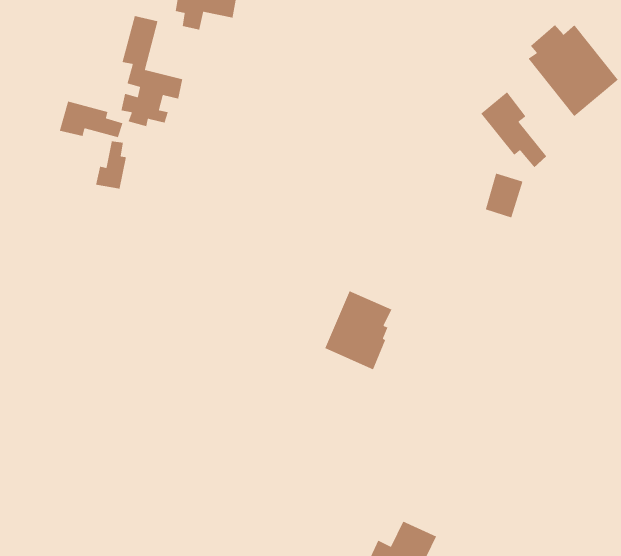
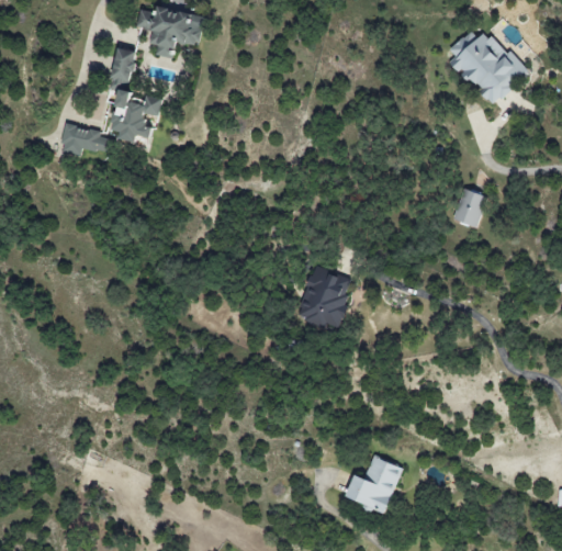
building: [480,91,547,168] -> none
building: [95,140,127,190] -> none
building: [485,173,524,218] -> [453,189,484,226]

